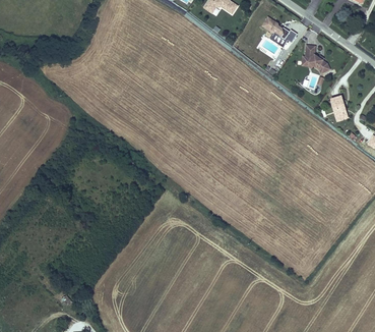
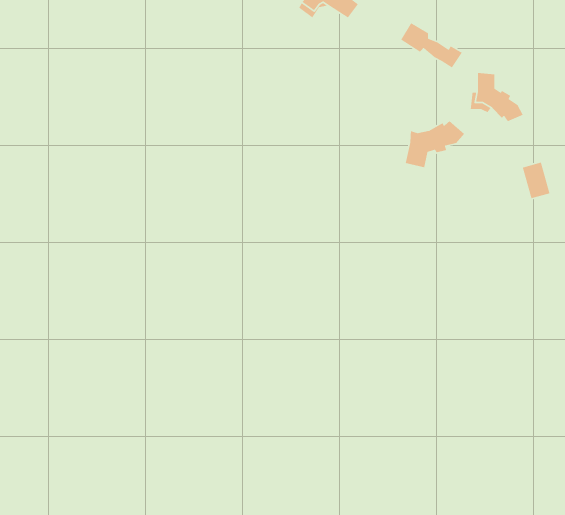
building: none -> [405,120,465,168]

